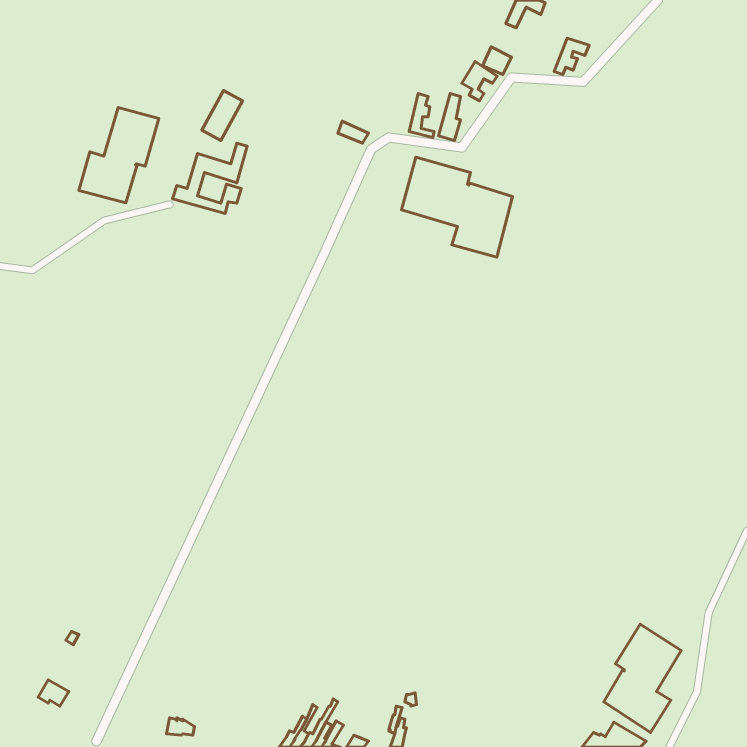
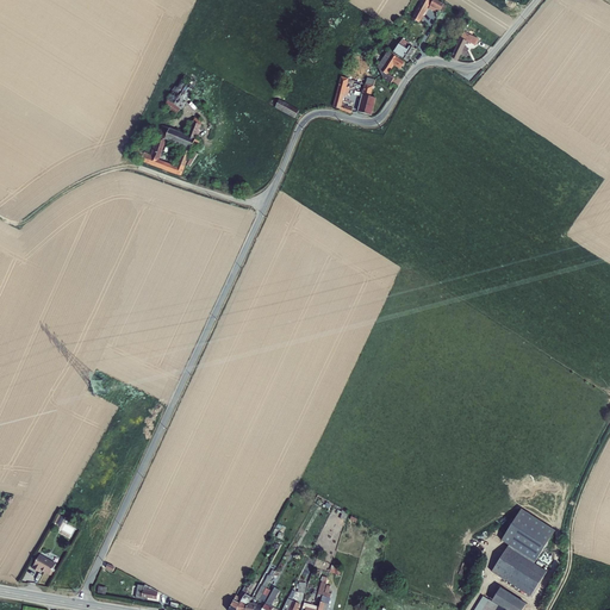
building: [79,108,159,203] -> none
building: [401,157,513,257] -> none

